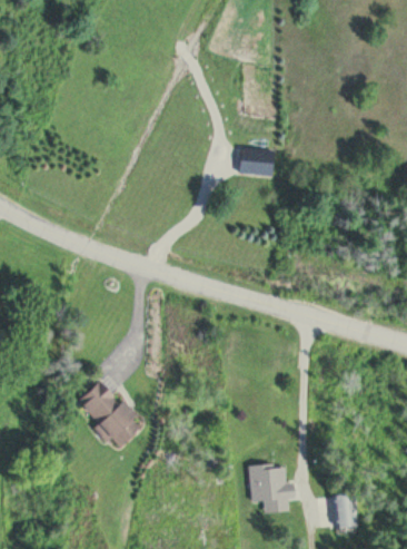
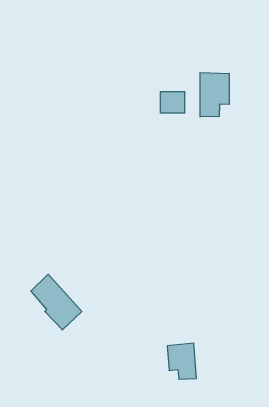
building: none -> [200,73,229,117]
building: [332,494,354,527] -> none

